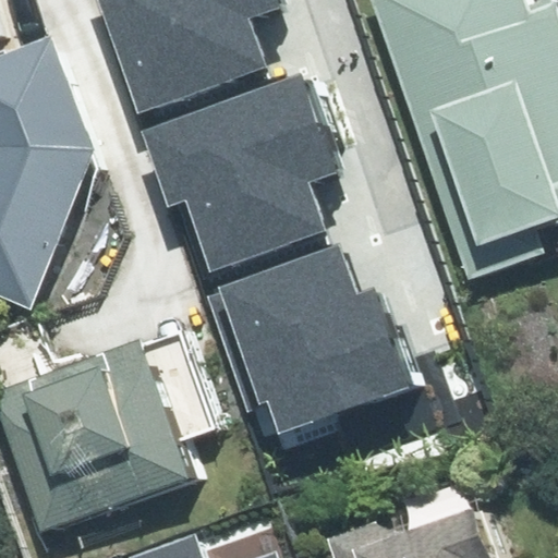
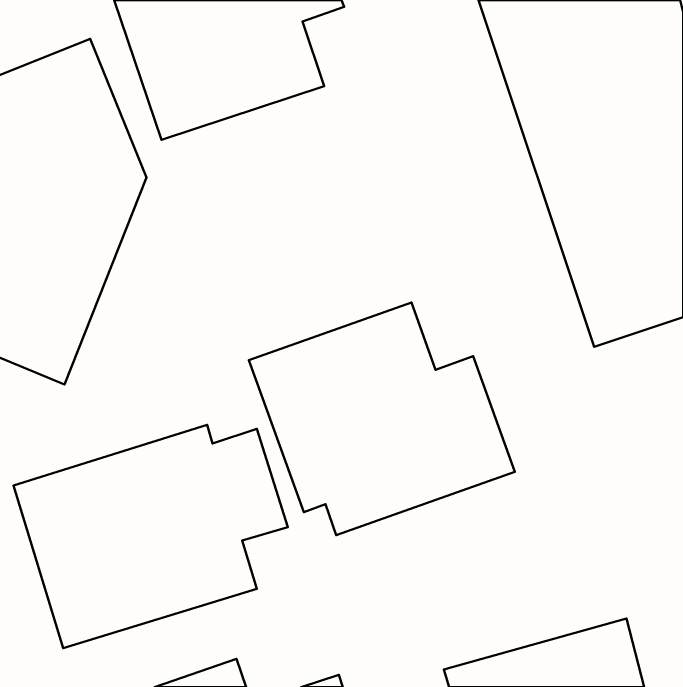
building: [131,68,332,269] -> none

